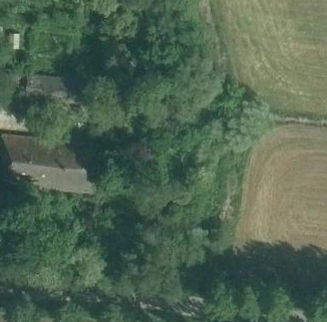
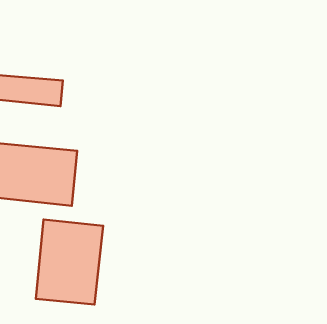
building: none -> [36,220,103,305]

